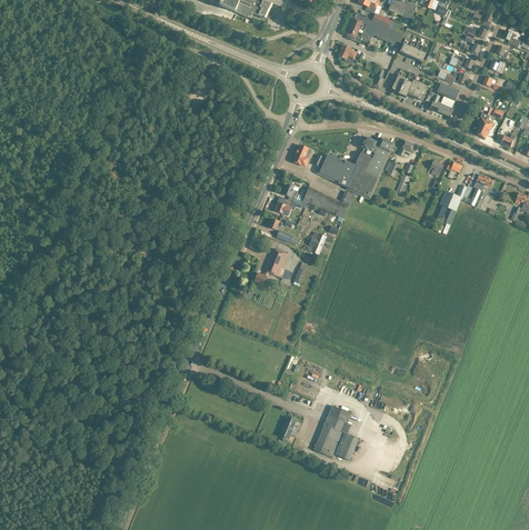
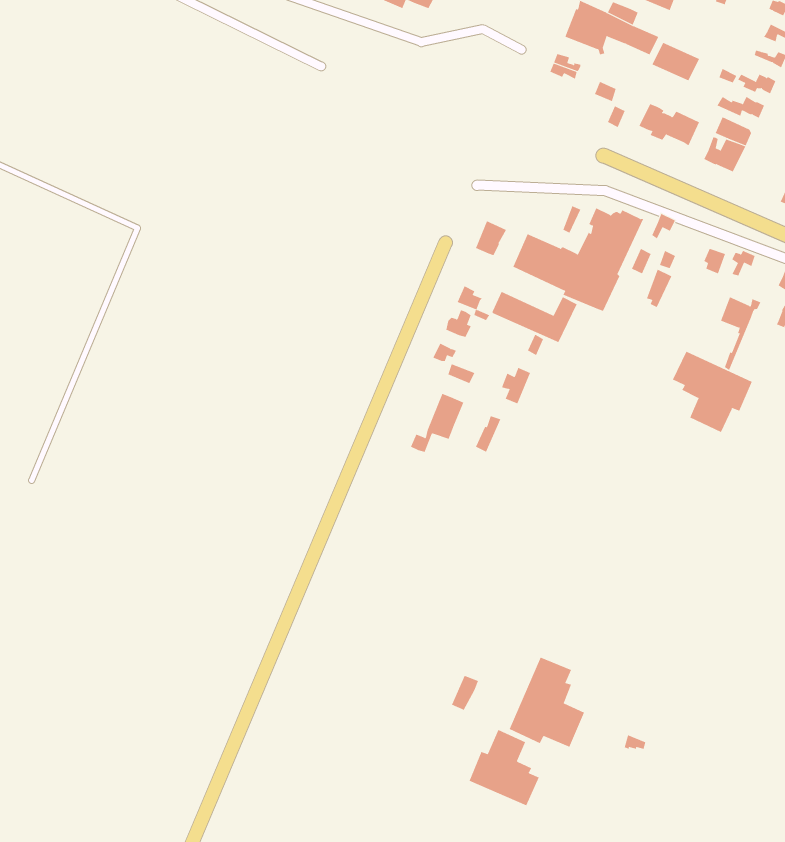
building: none -> [672,351,752,433]
building: none -> [469,729,540,806]

